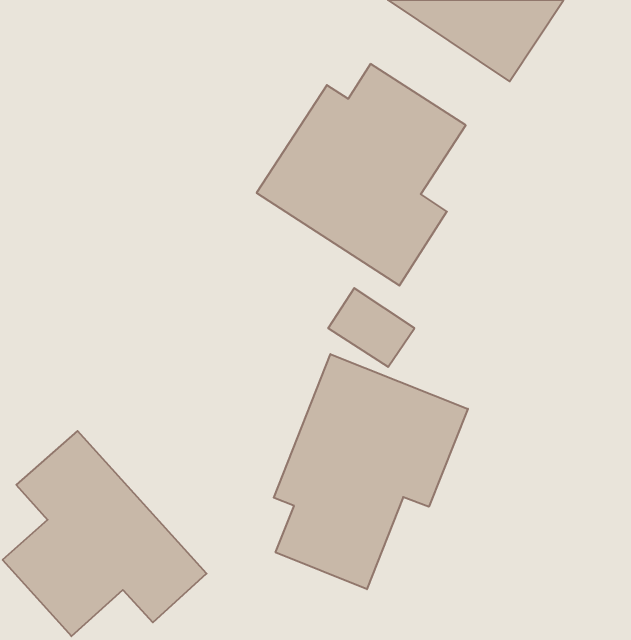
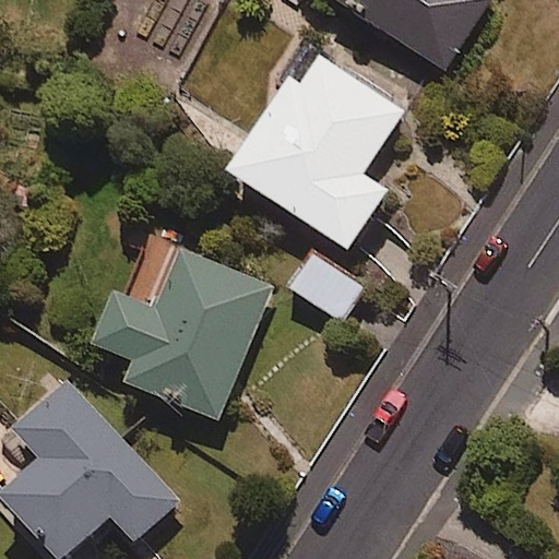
building: none -> [90,252,266,418]
building: [274,354,468,589] -> none

